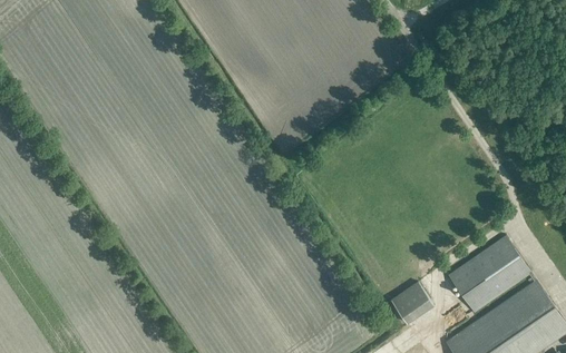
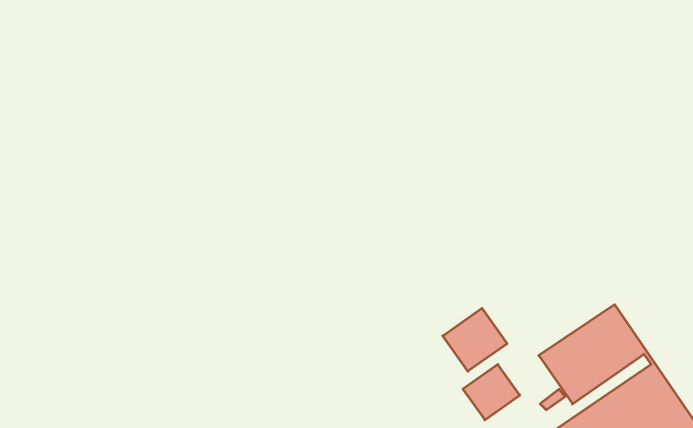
building: none -> [443,308,507,371]

